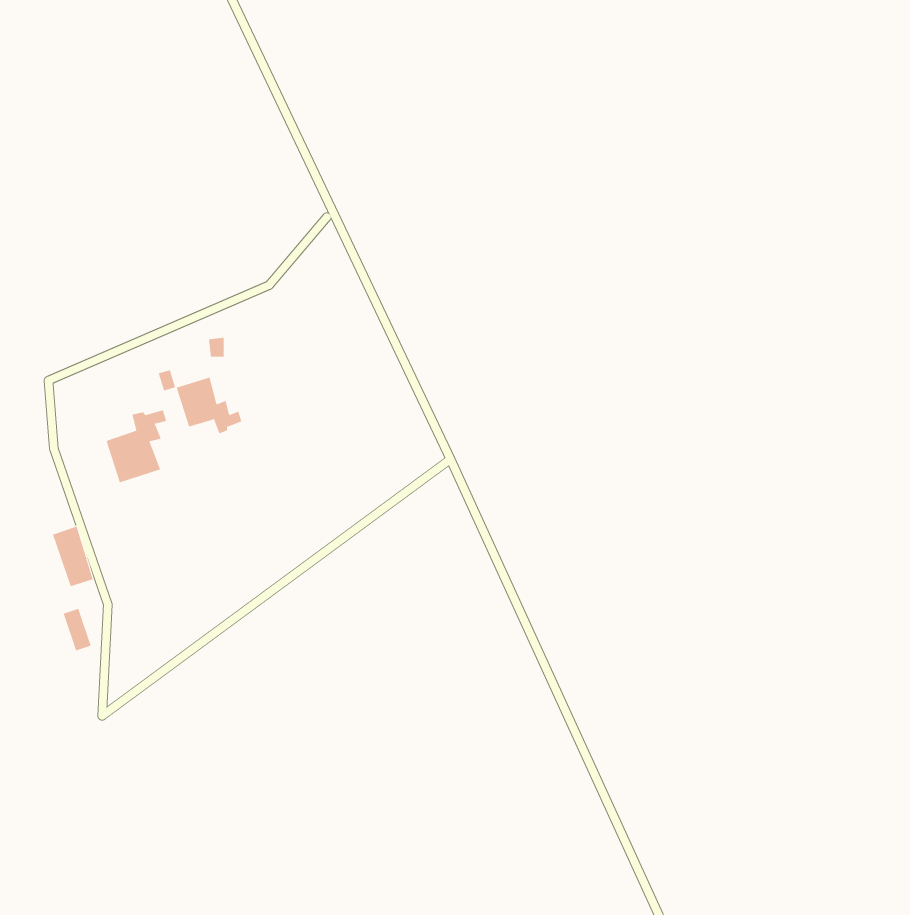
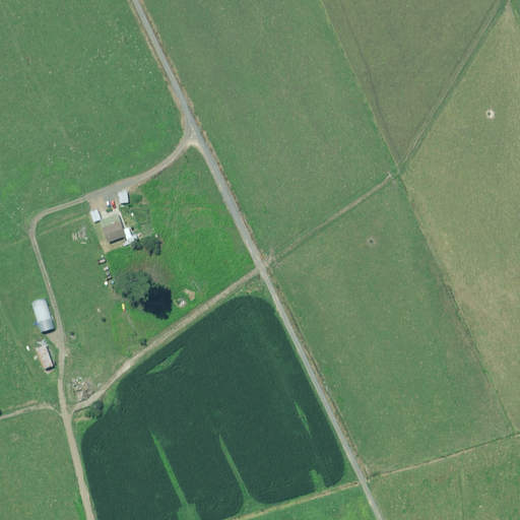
building: [106,410,167,483] -> none

